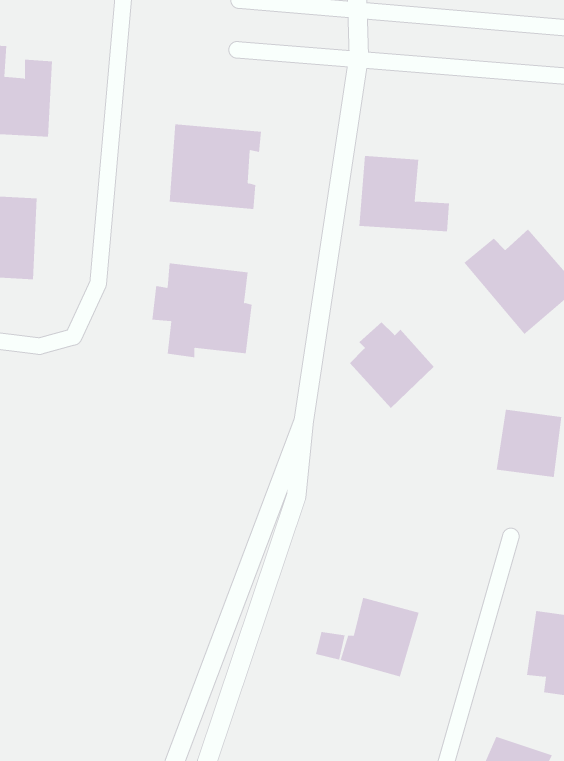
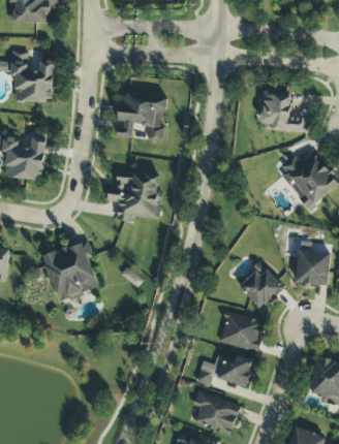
building: [358,156,450,232] -> [258,90,308,131]
building: [349,321,435,409] -> [239,262,285,310]
building: none -> [42,237,99,300]
building: none -> [219,311,265,351]
building: none -> [192,388,240,434]

